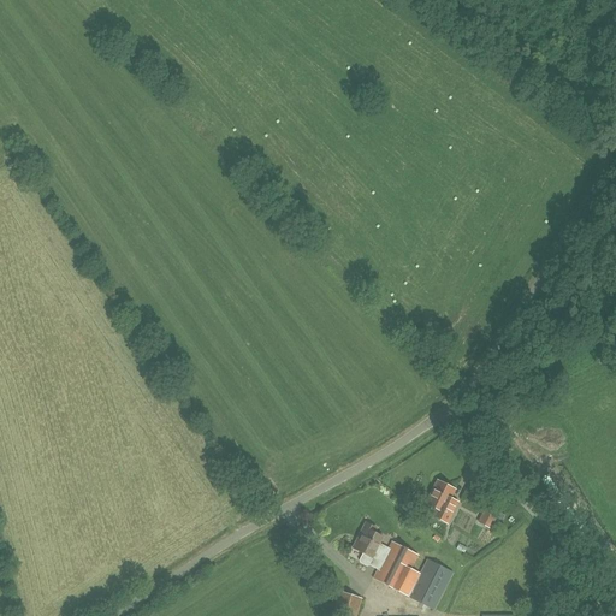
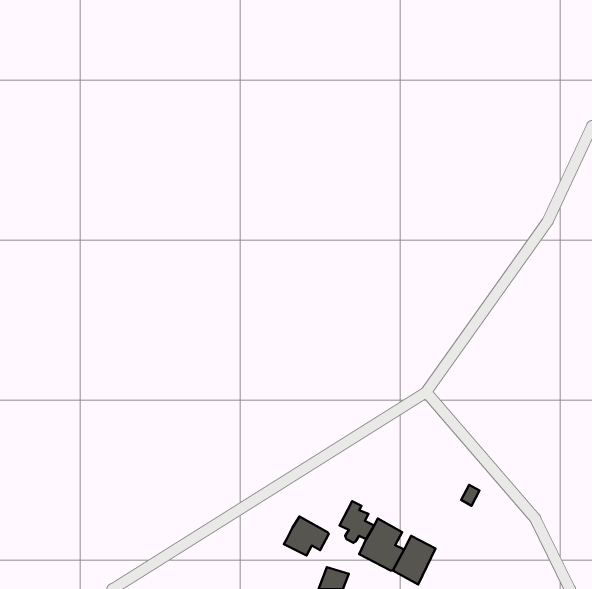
building: [426,479,457,521] -> none
building: none -> [284,517,329,556]

